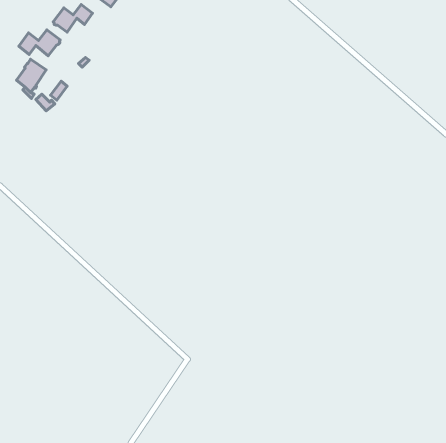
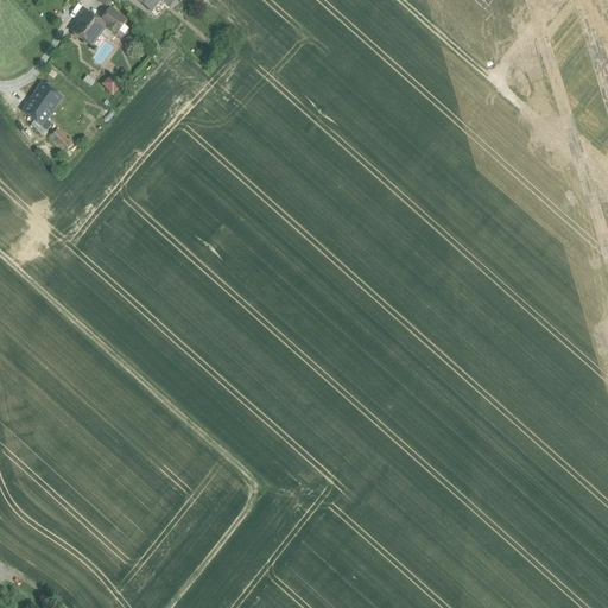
building: [19,30,60,56] -> none

